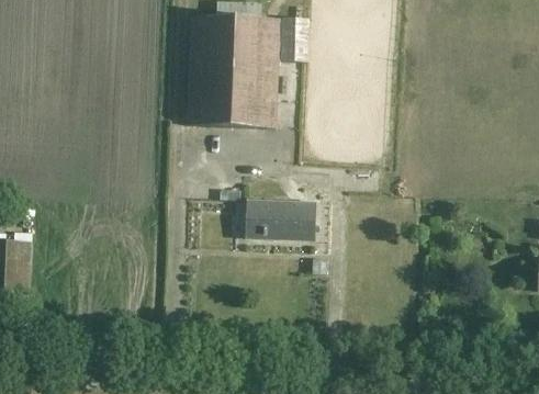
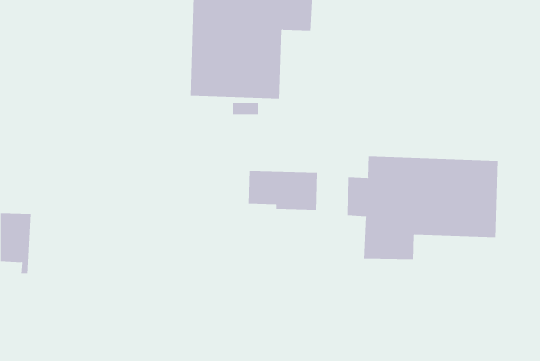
building: none -> [347,156,498,260]

